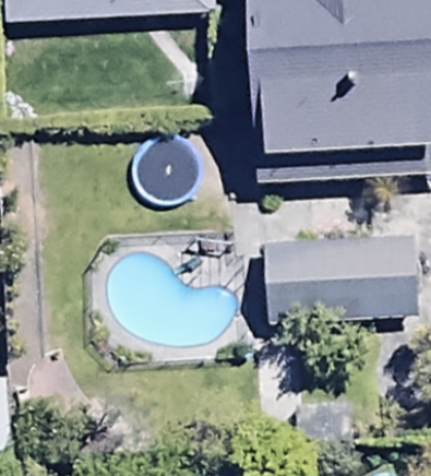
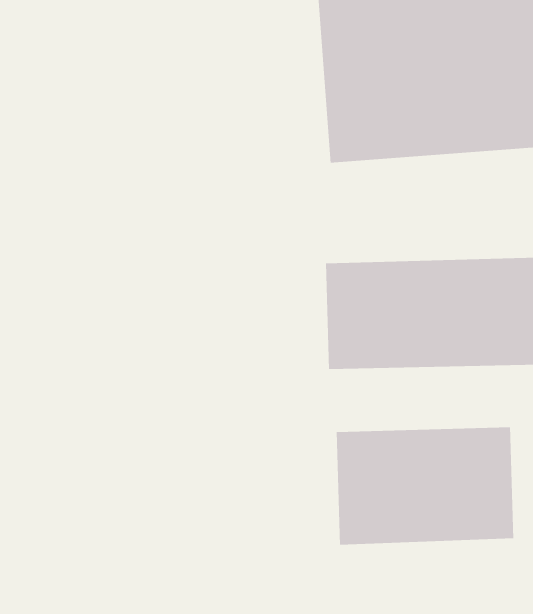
building: none -> [336,426,514,546]

